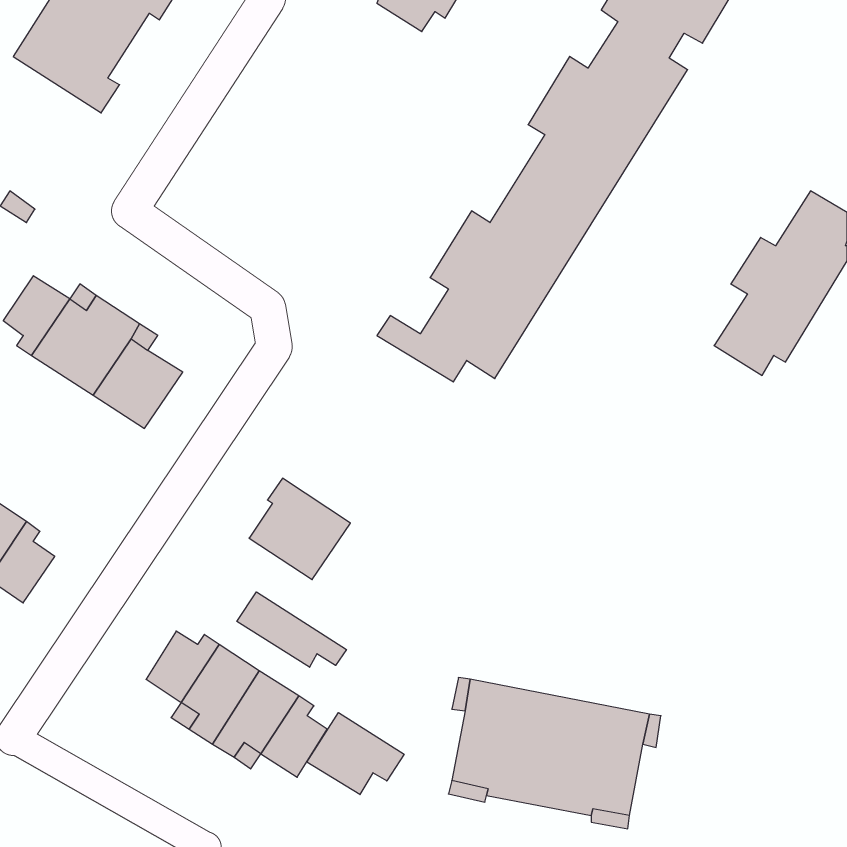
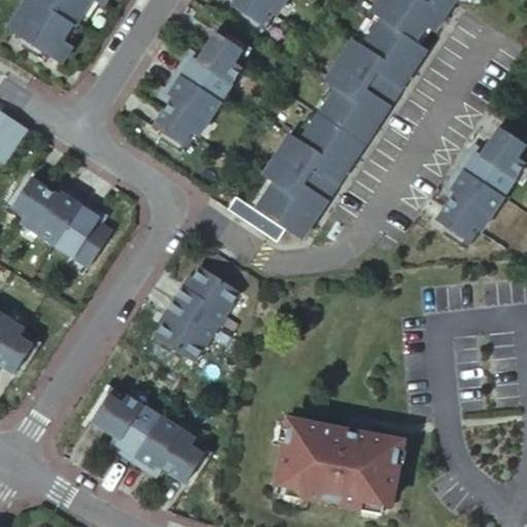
building: none -> [154,33,243,143]
building: none -> [175,262,240,324]
building: [237,592,346,667] -> none
building: [307,713,404,795] -> none

